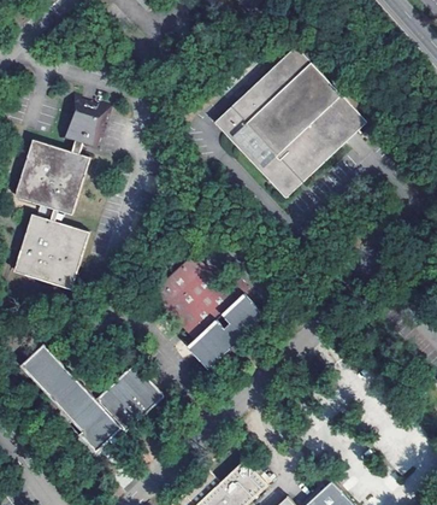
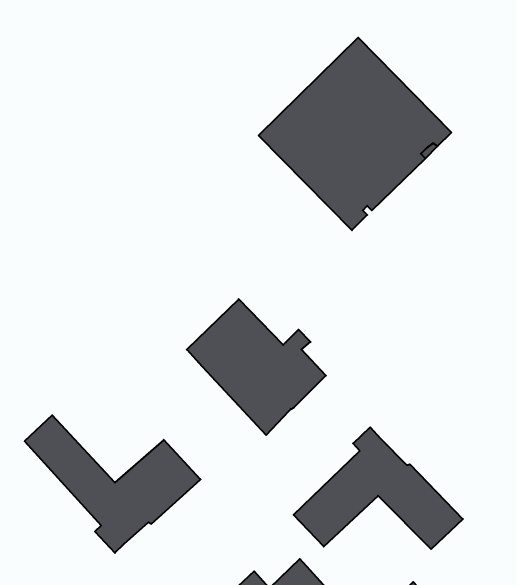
building: [16,96,113,292] -> none
building: none -> [294,427,463,549]

